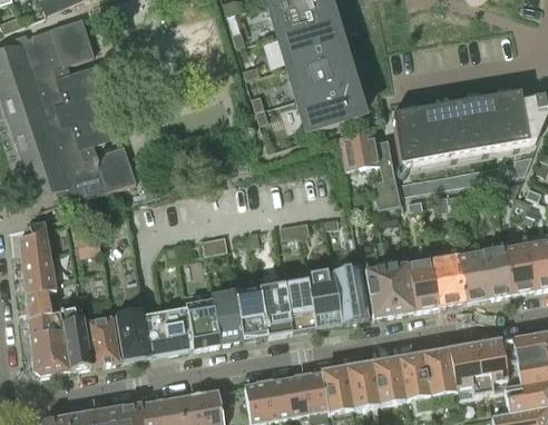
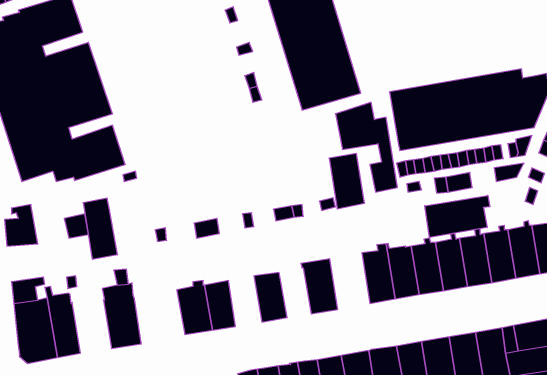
building: none -> [425,195,490,238]
building: [21,259,57,296] -> none
building: [334,269,369,323] -> [329,154,365,209]
building: [285,283,316,330] -> none
building: [236,290,268,339] -> none
building: [145,305,194,355] -> none
building: [87,306,120,365] -> [83,198,118,259]

